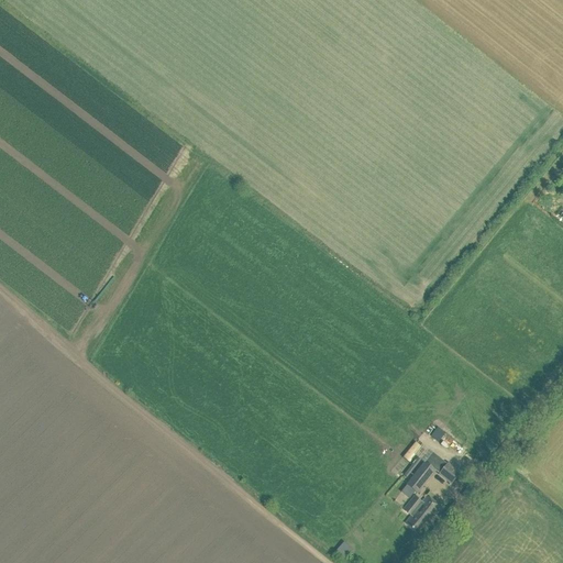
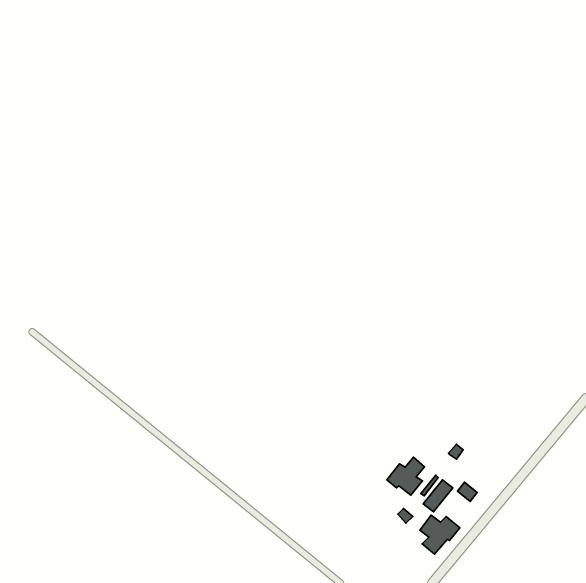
building: none -> [387,457,425,495]

